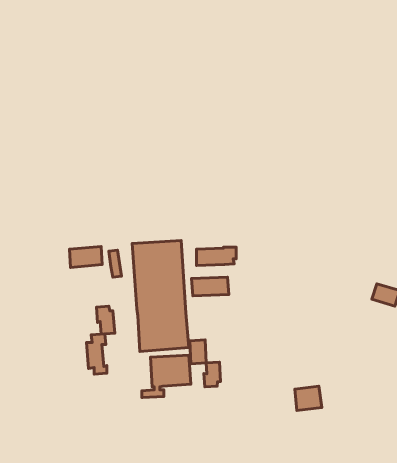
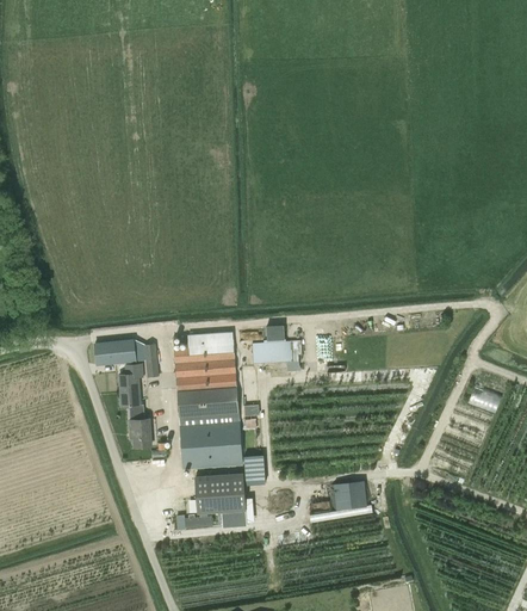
building: [192,277,229,296] -> none
building: [86,334,107,374] -> [119,365,144,415]
building: [204,362,220,387] -> none
building: [295,386,322,410] -> [331,481,365,511]

